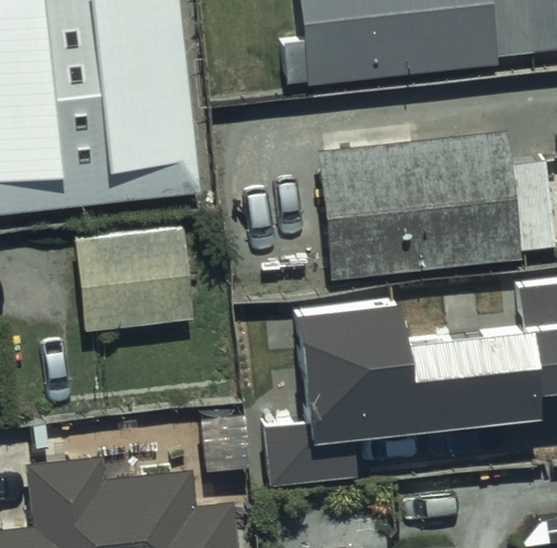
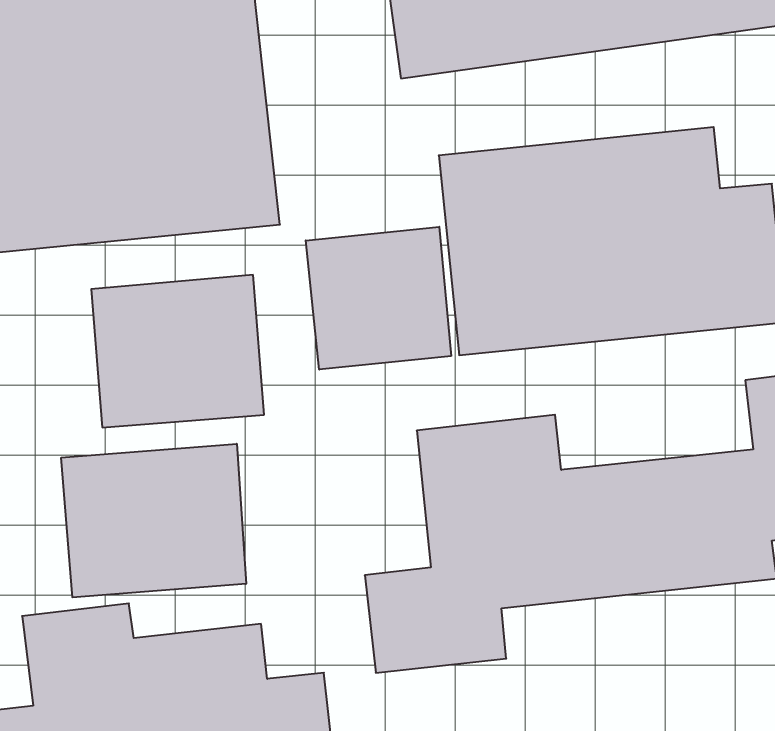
building: none -> [306,227,451,370]
building: none -> [61,444,246,597]

